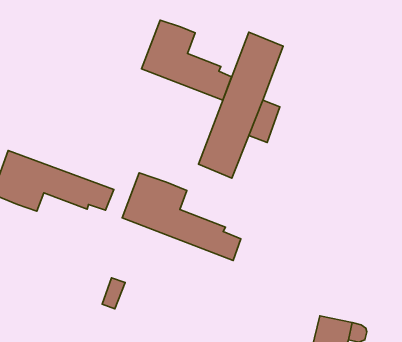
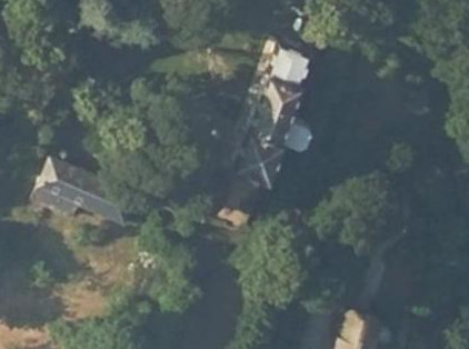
building: [142,20,232,100] -> none
building: [122,173,241,260] -> none

